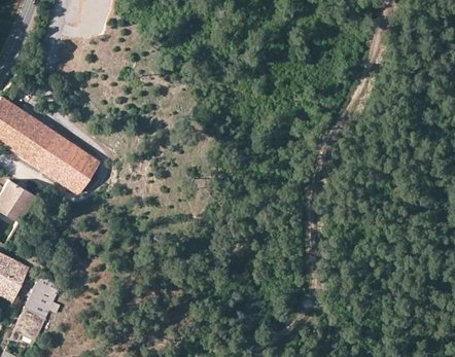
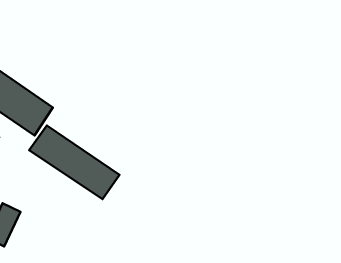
building: none -> [29,126,120,199]

